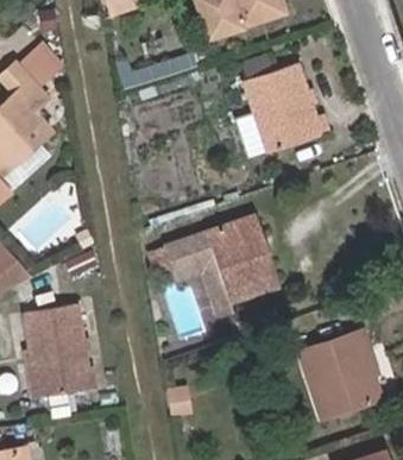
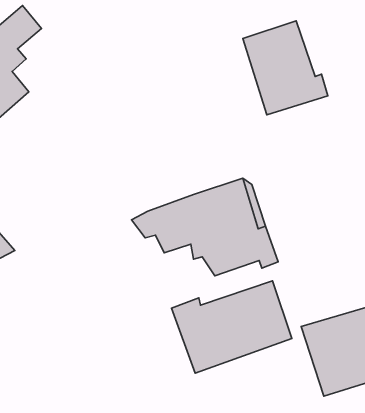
building: none -> [172,281,292,373]
building: [25,308,92,397] -> none

